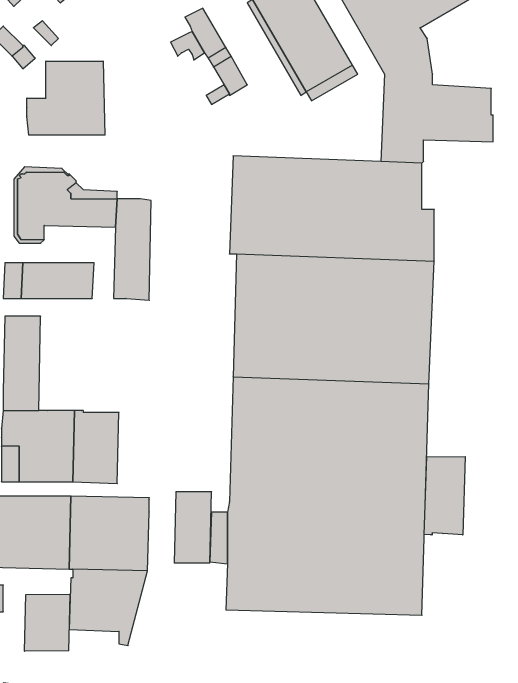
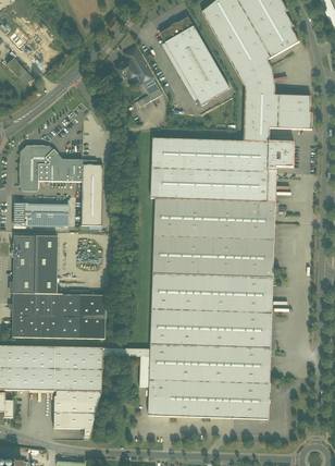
building: [27,61,105,135] -> none
building: none -> [269,140,295,170]
building: none -> [35,235,58,293]
building: [424,456,465,535] -> none
building: [174,492,212,563] -> [83,294,106,338]
building: [25,594,70,651] -> none

